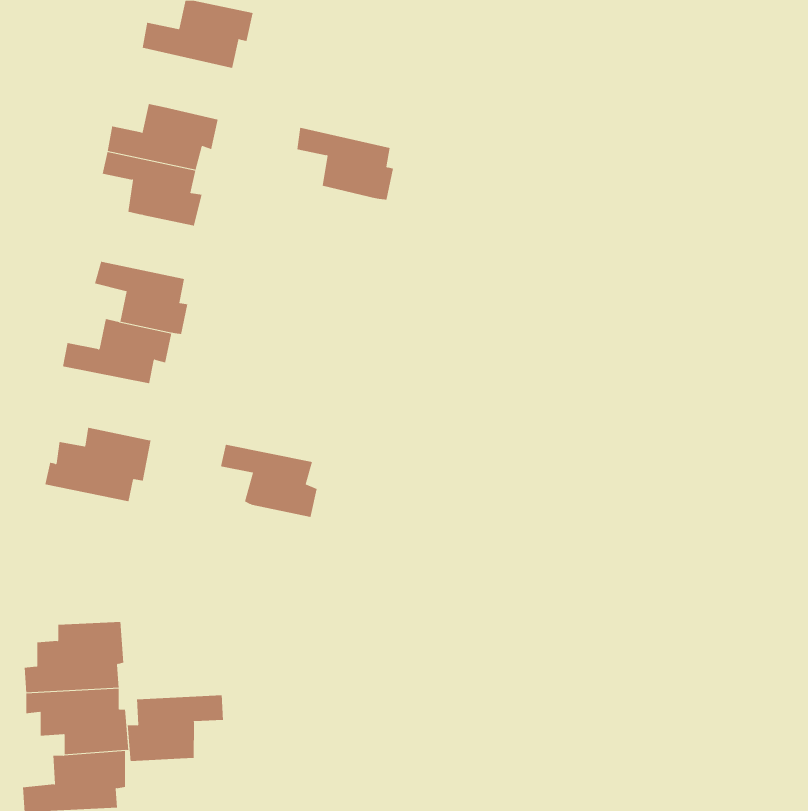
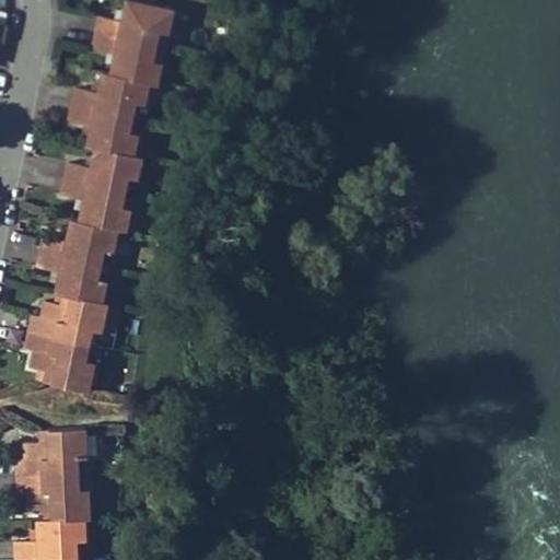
building: [296,127,394,200] -> [95,35,162,85]
building: none -> [69,150,141,194]
building: [220,444,318,518] -> [39,254,106,304]
building: none -> [26,335,92,393]
building: [127,695,223,762] -> none

